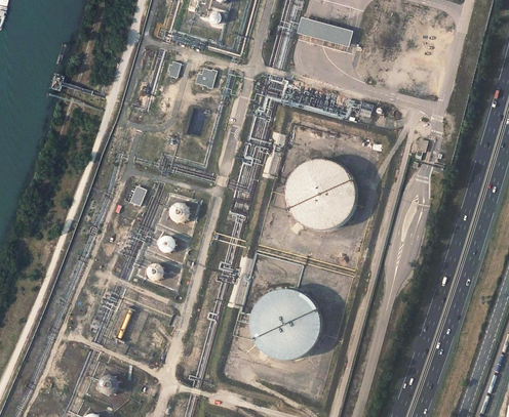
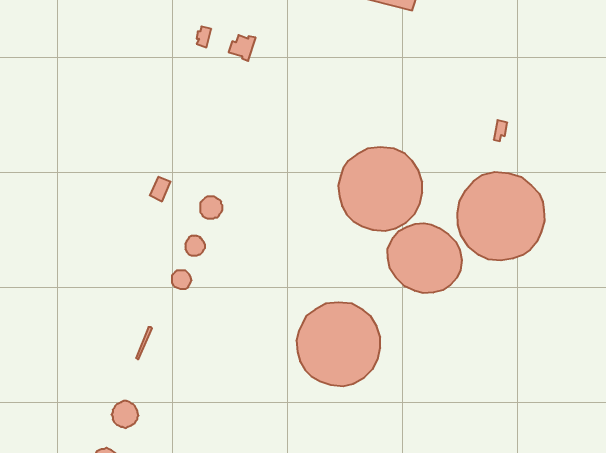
building: none -> [457,172,544,260]
building: none -> [387,223,462,293]

